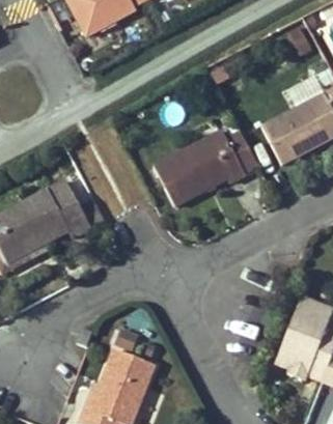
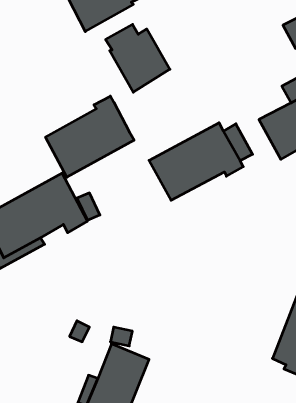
building: none -> [106,24,170,92]
building: none -> [46,96,134,177]

